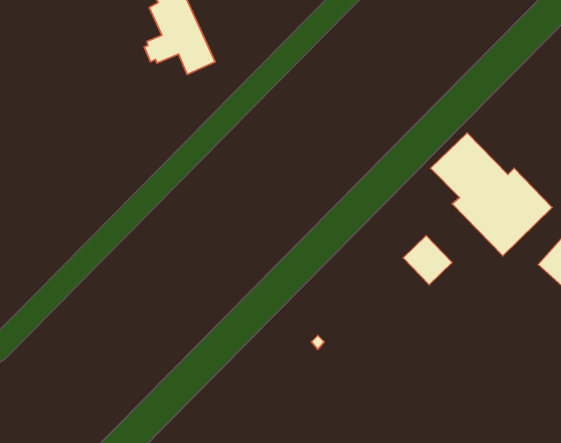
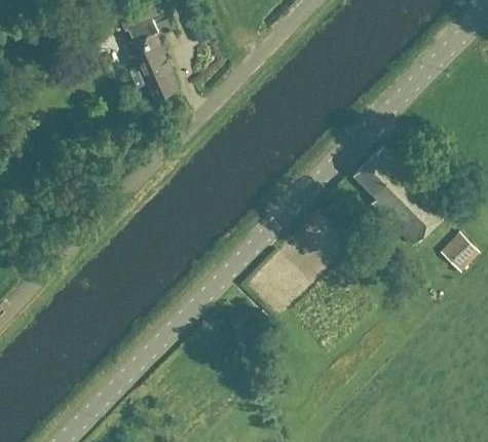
building: [403,236,452,285] -> none

